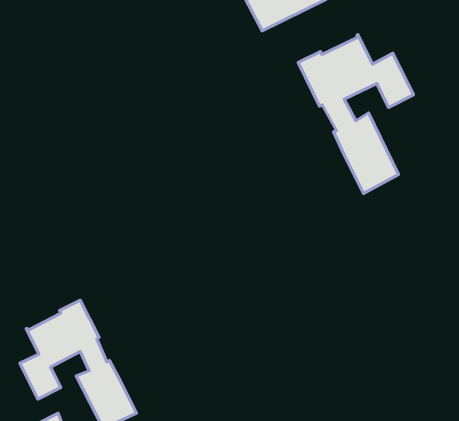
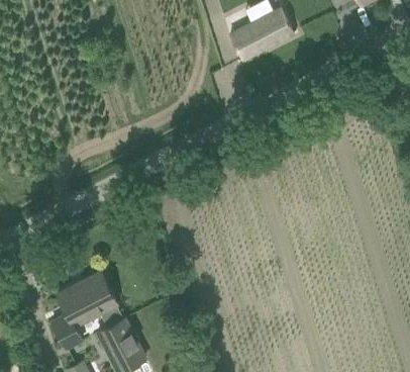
building: [298,34,414,193] -> none

